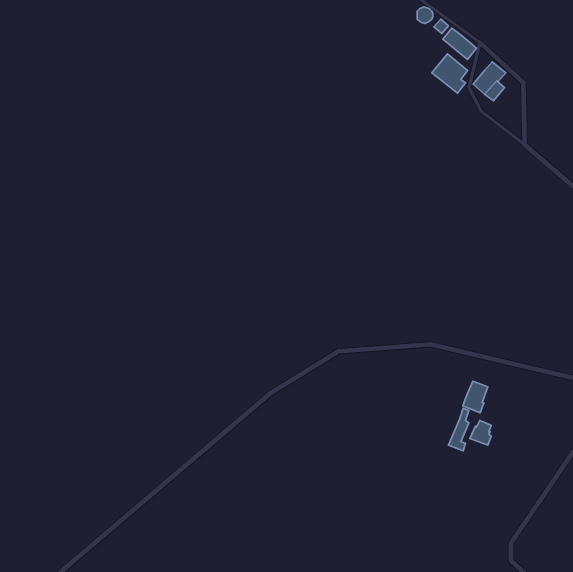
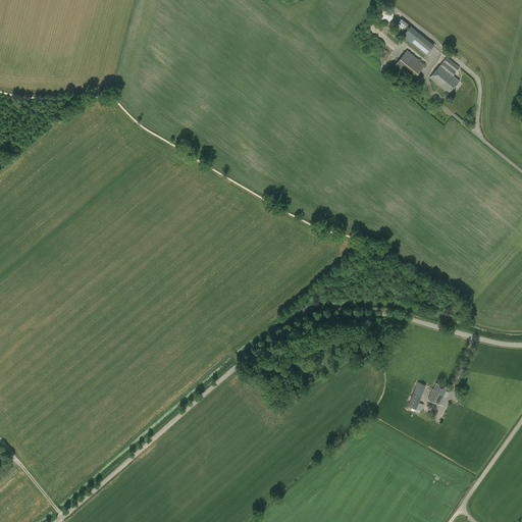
building: [463,381,488,413] -> none

